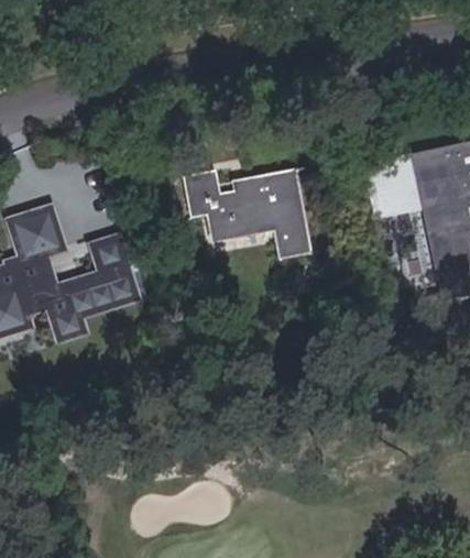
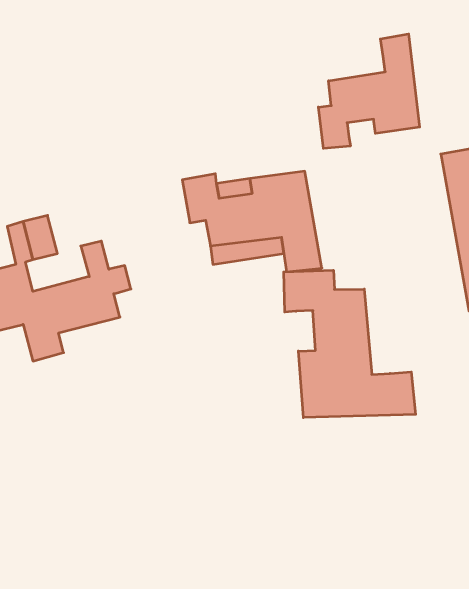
building: none -> [318,34,420,148]
building: none -> [284,270,416,418]

